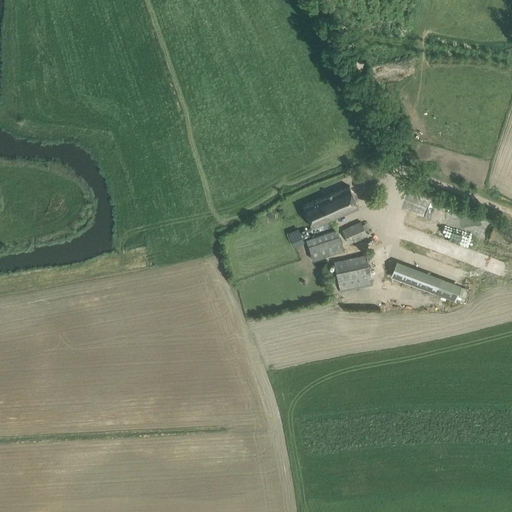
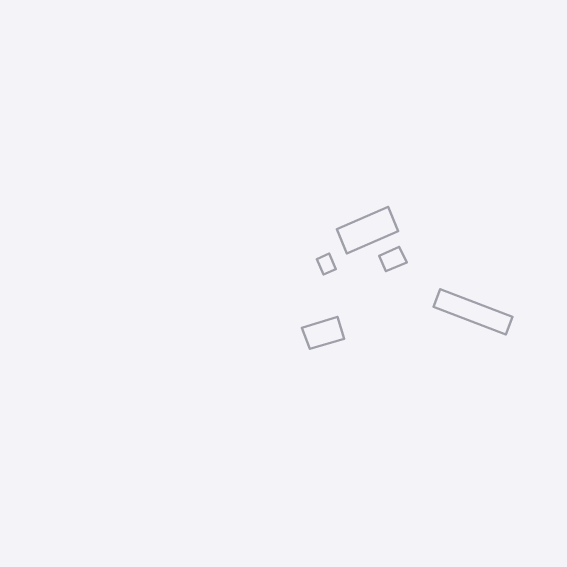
building: [305,232,343,261] -> [302,317,344,349]
building: [333,254,372,290] -> none

